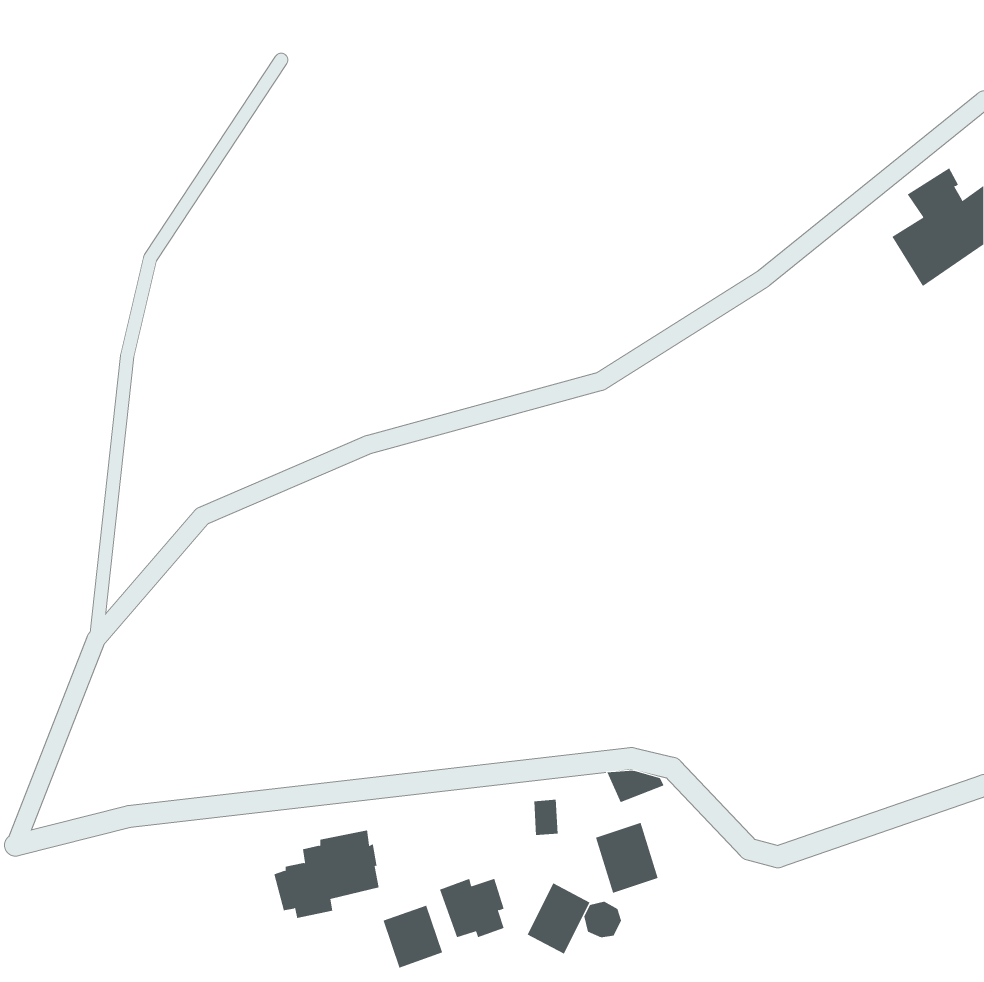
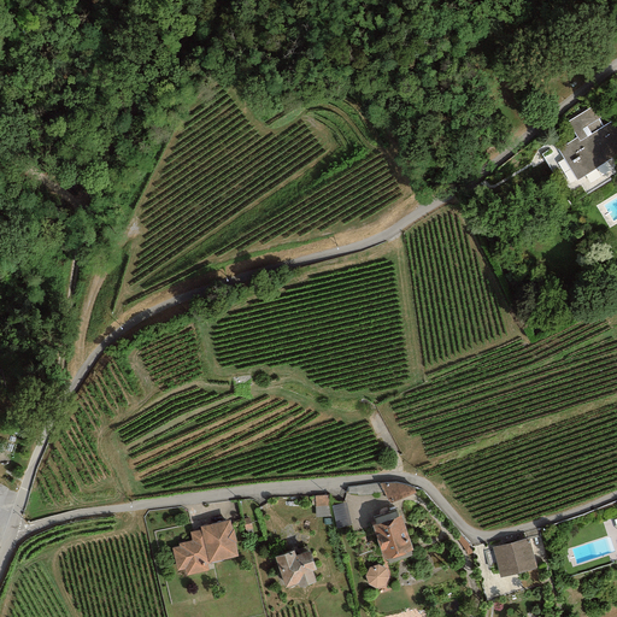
building: none -> [492,536,536,576]
building: [527,883,590,955] -> none
building: [383,905,443,968] -> none

